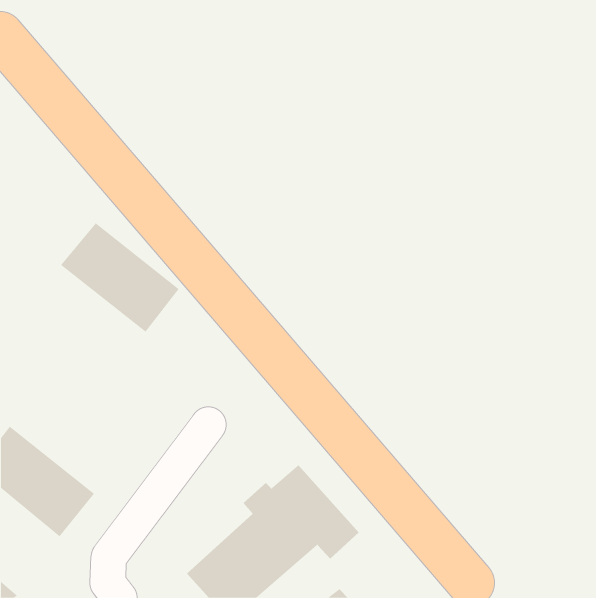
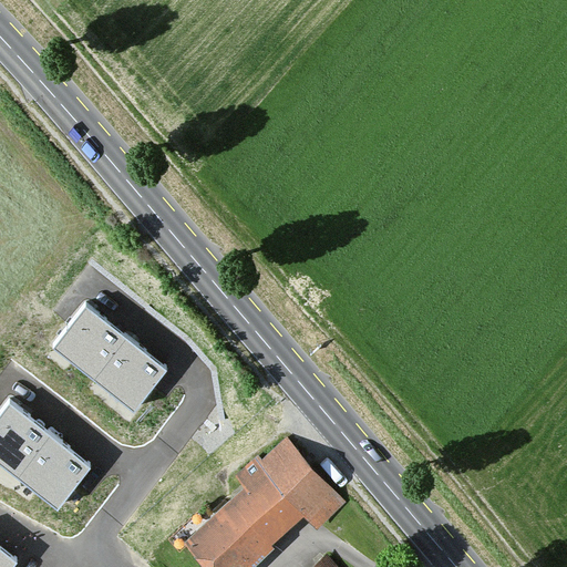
building: [60,223,180,333] -> [56,308,169,412]

